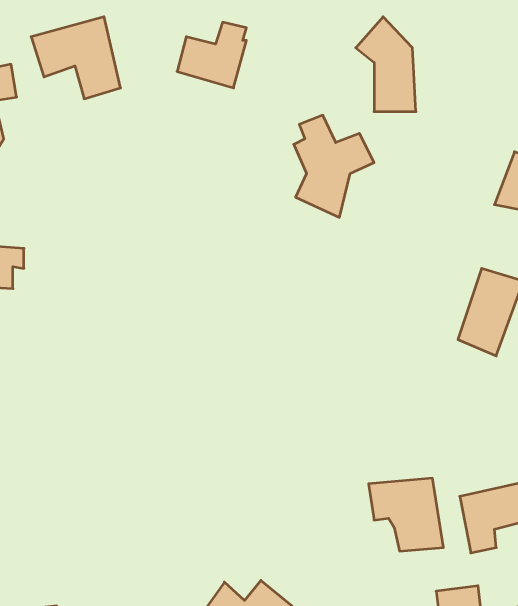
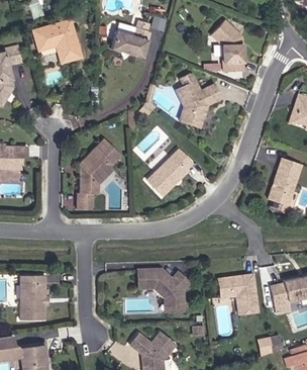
building: none -> [76,140,121,210]
building: none -> [146,149,193,197]
building: none -> [137,267,190,314]
building: none -> [19,276,45,320]

